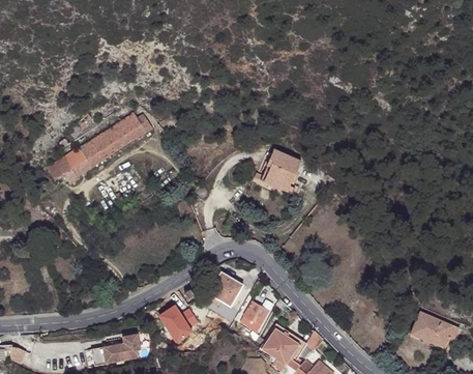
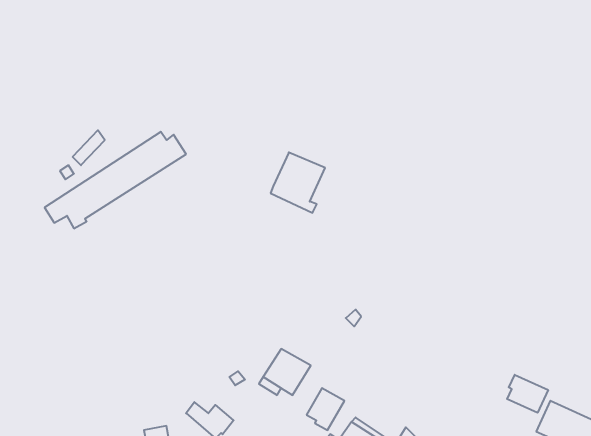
building: [261,149,301,194] -> [271,152,325,213]
building: none -> [507,375,548,413]

